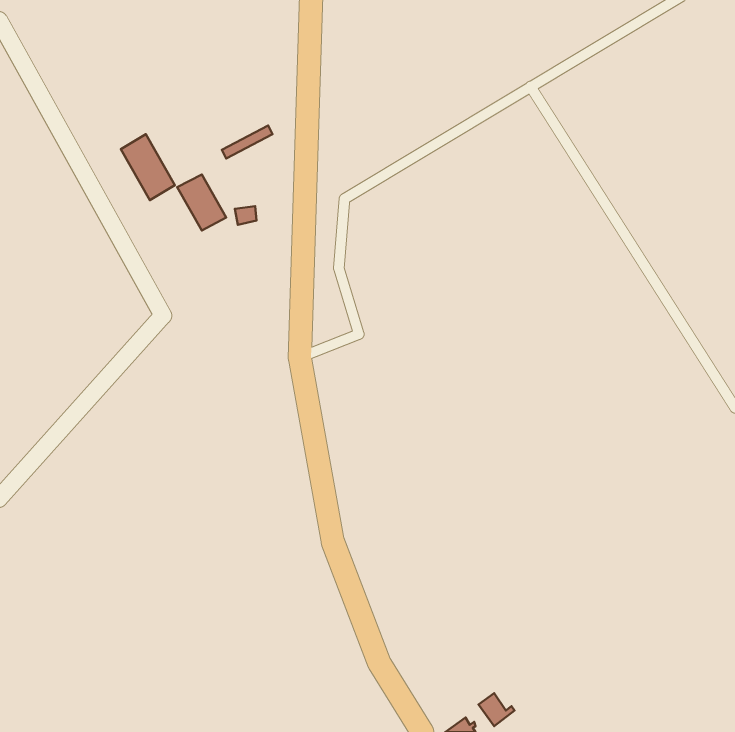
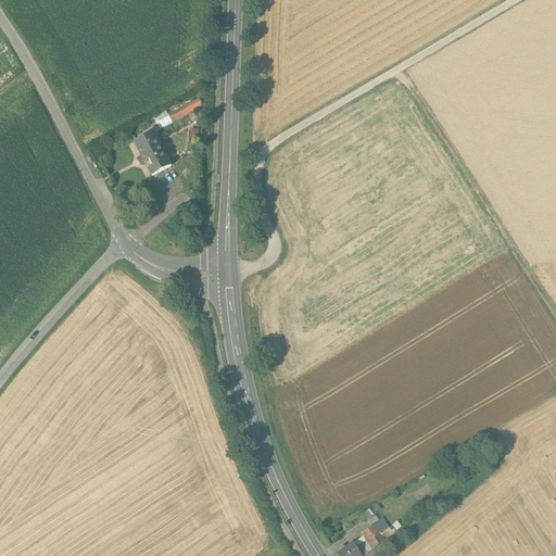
building: [121,134,175,200] -> none

